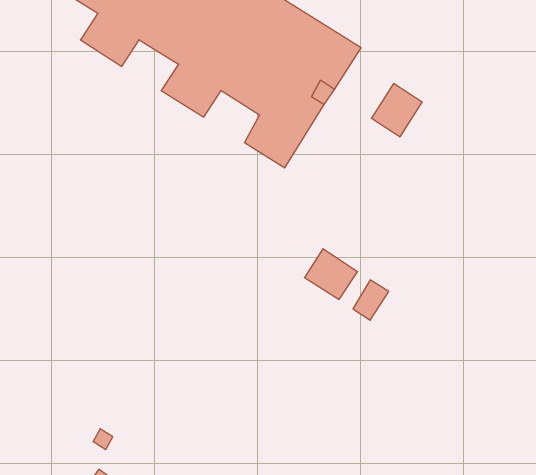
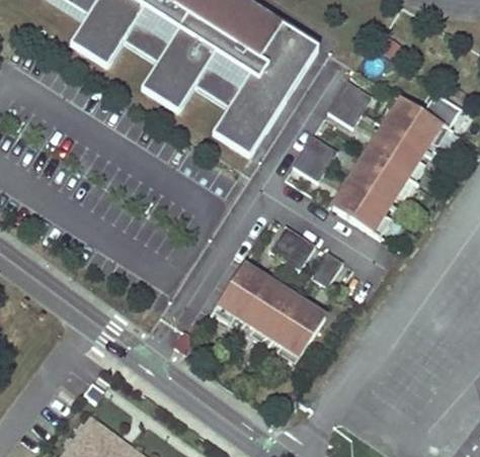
building: none -> [333,97,452,238]
building: none -> [294,133,338,180]
building: none -> [214,263,325,362]

